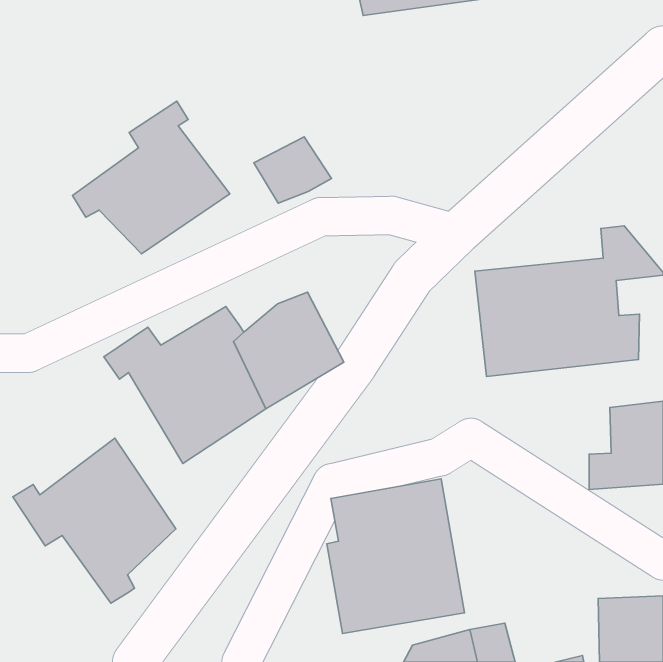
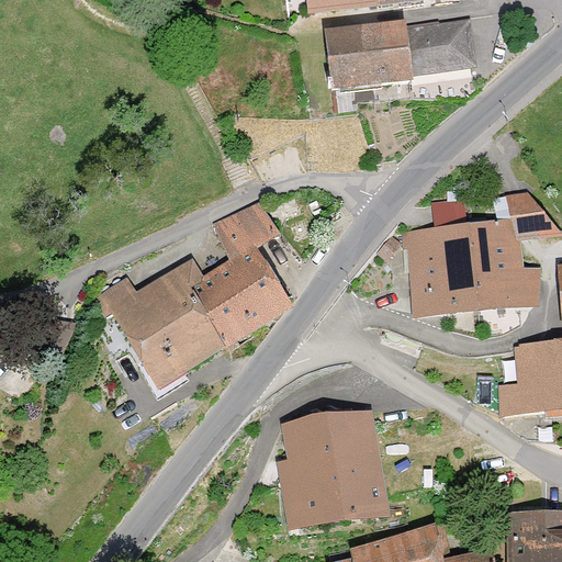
building: none -> [322,18,476,88]
building: [72,101,230,254] -> none
building: [254,137,332,203] -> [214,201,280,257]
building: [13,438,176,603] -> none

